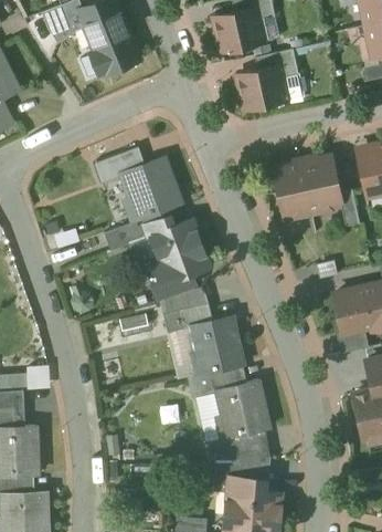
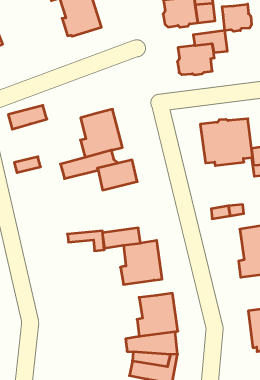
building: none -> [222,4,251,31]
building: [95,149,144,182] -> [8,105,47,129]
building: [152,247,208,301] -> none
building: [190,367,237,396] -> none

